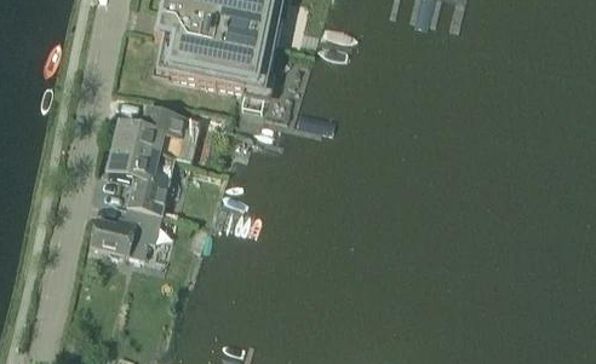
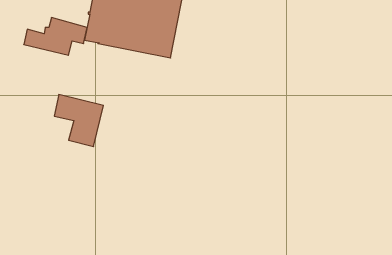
building: [115,106,201,157] -> [24,18,87,55]
building: [91,204,162,258] -> none

